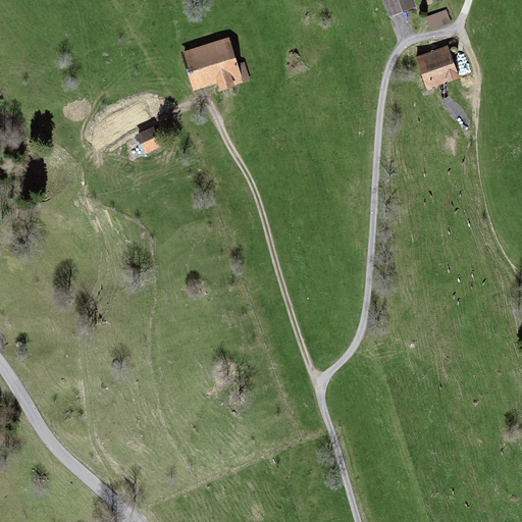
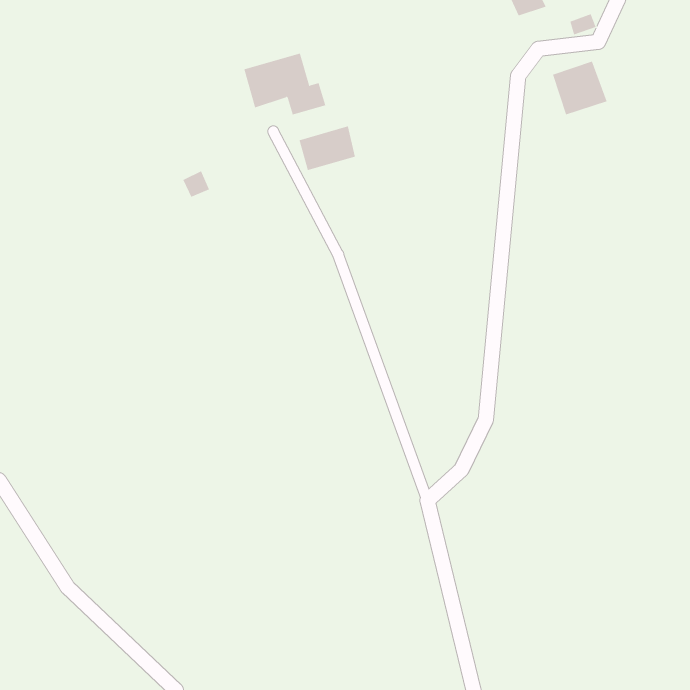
building: none -> [299,126,356,171]

